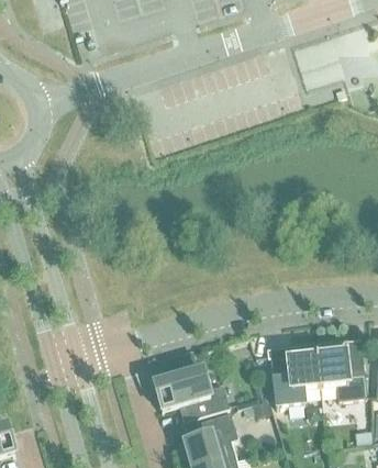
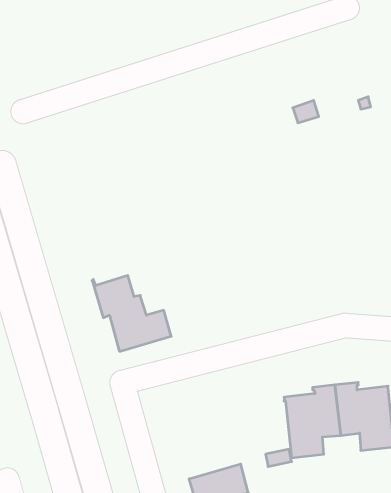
building: [160,357,231,424] -> [92,276,171,351]

